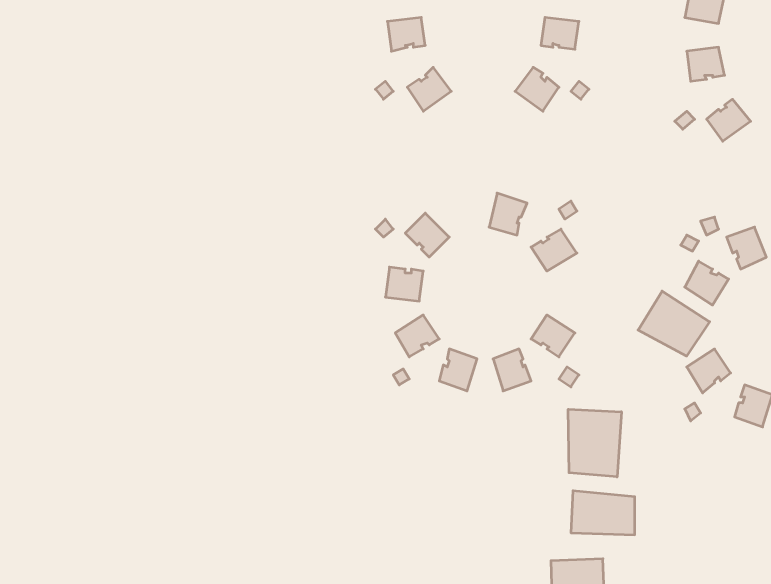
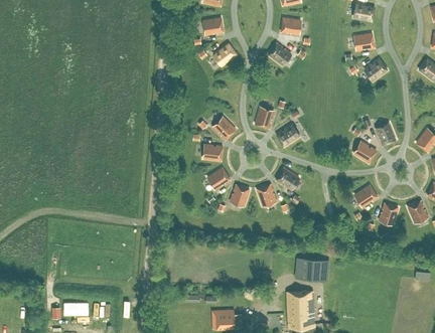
building: [638,291,710,356] -> none
building: [568,409,621,477] -> none

